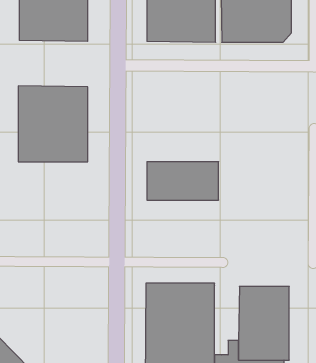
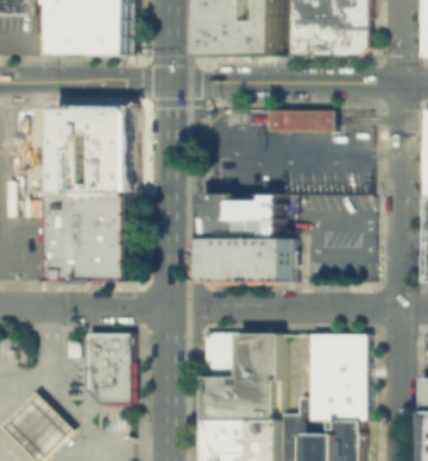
building: none -> [265,108,332,131]
building: none -> [51,191,132,278]
building: none -> [200,235,287,280]
building: none -> [83,333,127,402]

